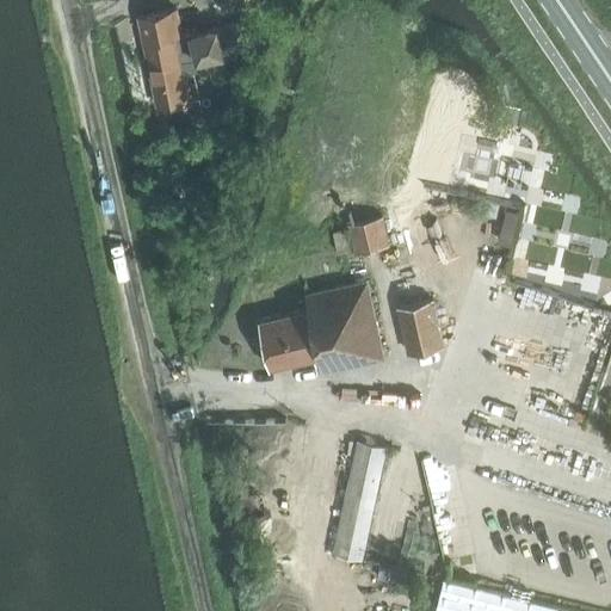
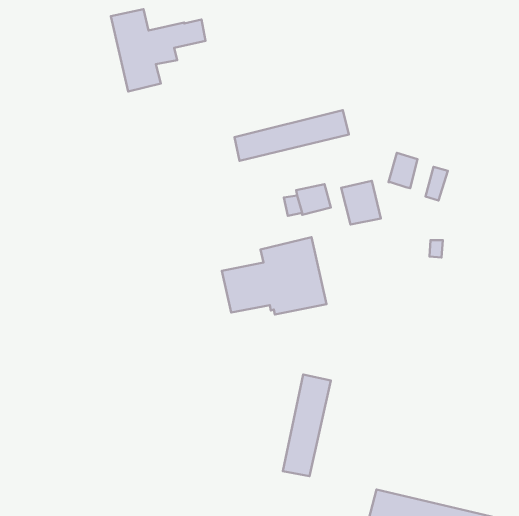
building: none -> [234,110,349,161]
building: none -> [389,153,418,188]
building: [396,304,443,356] -> [341,181,381,225]

